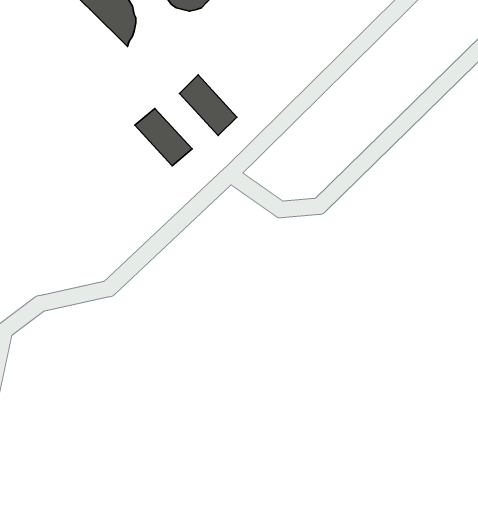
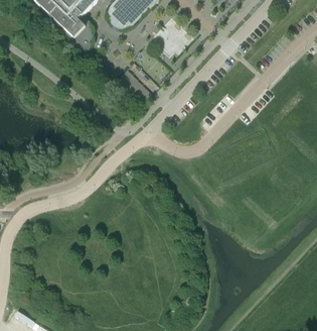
building: [135,108,192,166] -> none

